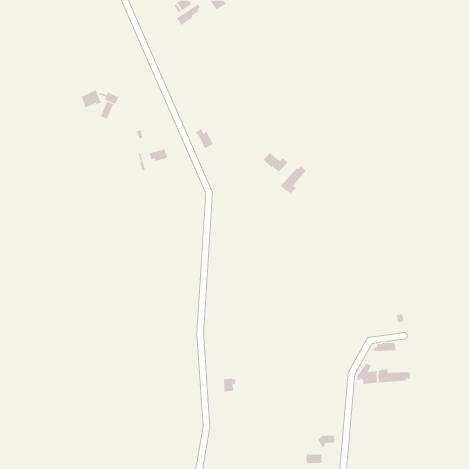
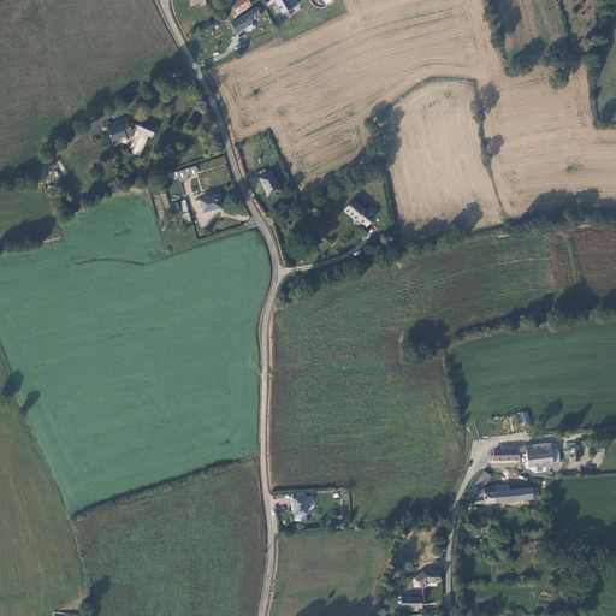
building: [280,165,306,194] -> none
building: none -> [526,443,559,467]

